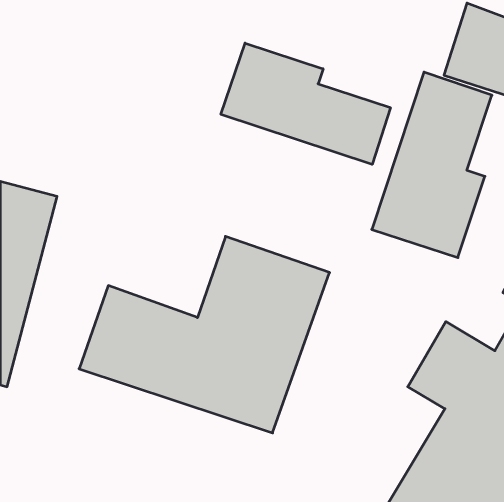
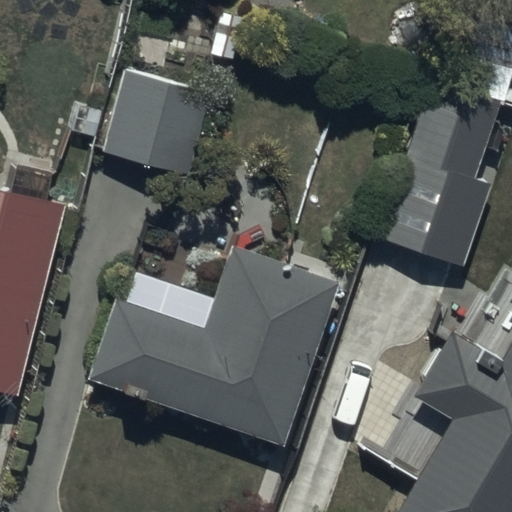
building: [221,43,390,164] -> none
building: none -> [102,72,210,174]

